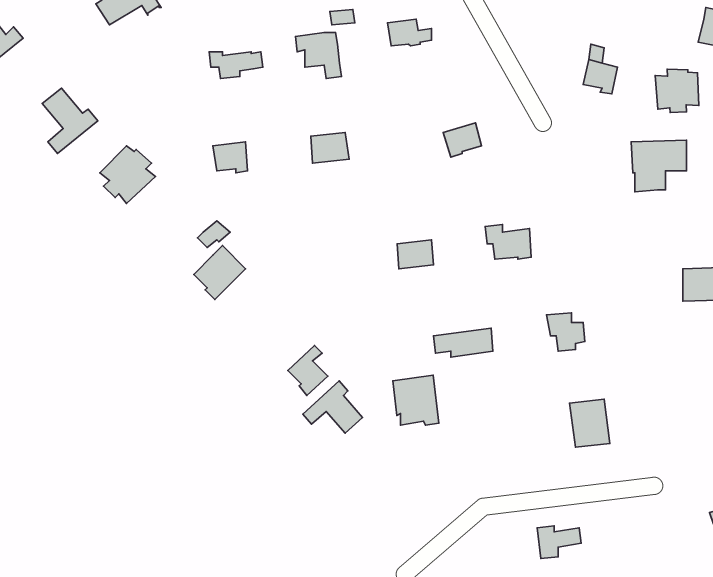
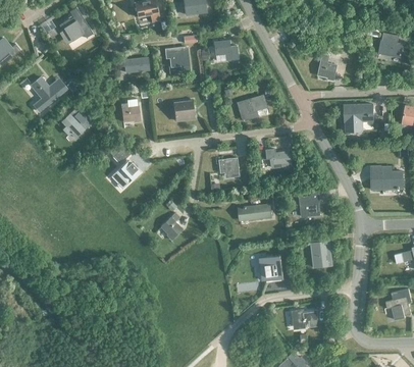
building: [655,69,699,112] -> none
building: [393,375,439,425] -> [259,255,283,281]
building: [303,381,362,433] -> none

